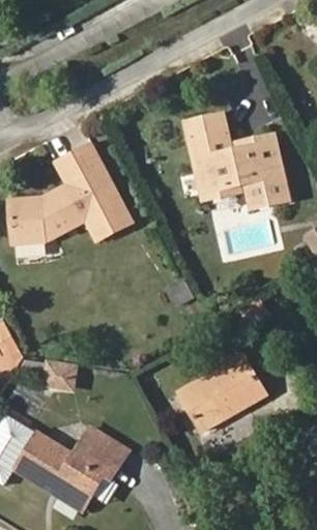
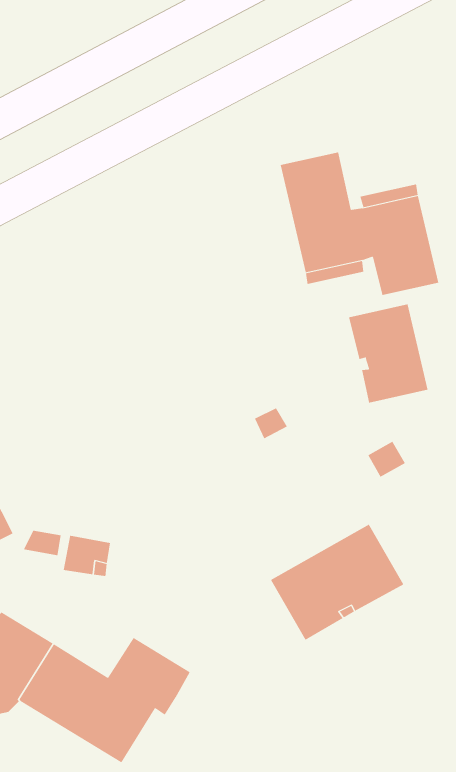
building: [9,142,134,243] -> none
building: none -> [349,303,428,404]

